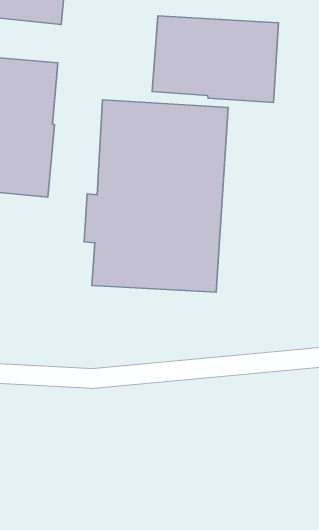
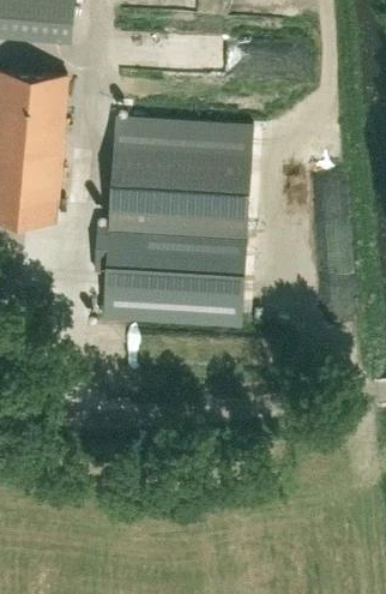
building: [152,16,279,103] -> none

